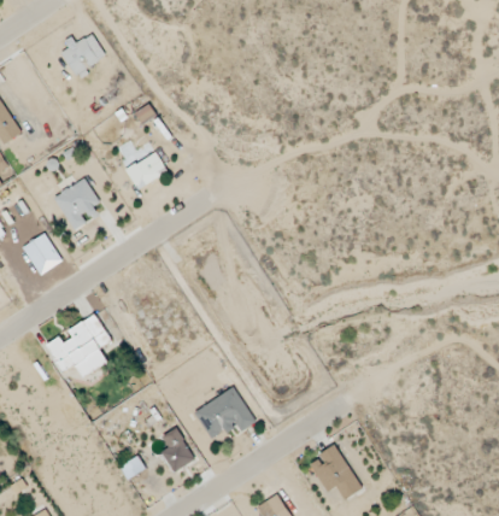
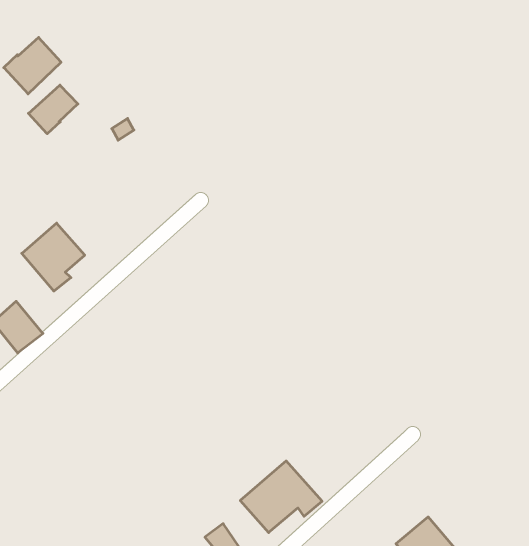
building: none -> [28,85,78,134]
building: [125,152,168,189] -> none
building: [46,313,111,377] -> none

